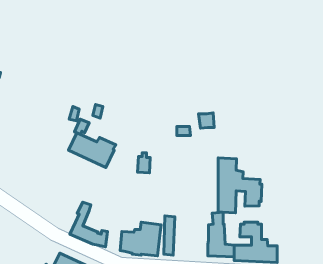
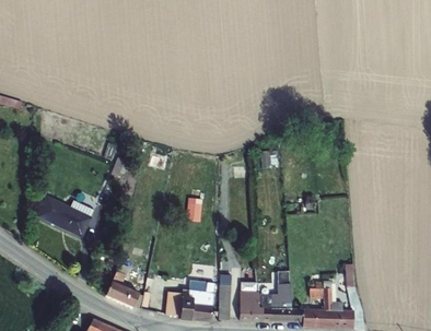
building: [69,133,116,168] -> [37,196,94,237]
building: [218,158,262,213] -> none
building: none -> [240,281,272,321]

